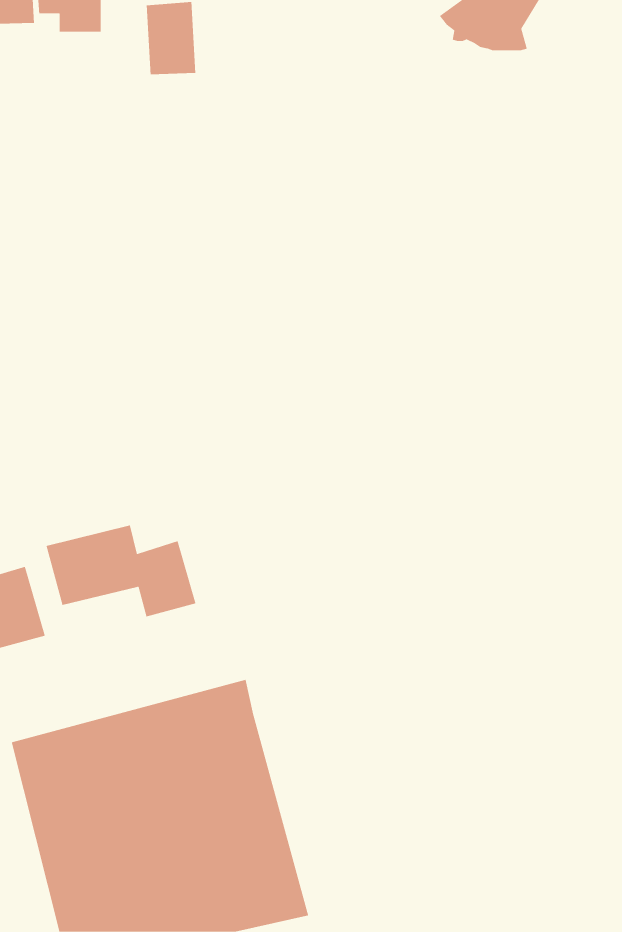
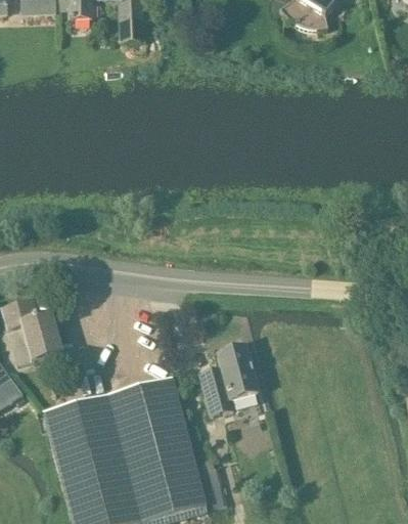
building: [46,525,196,617] -> none
building: none -> [200,347,258,416]

